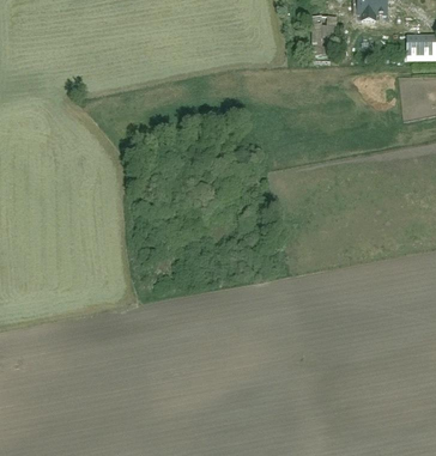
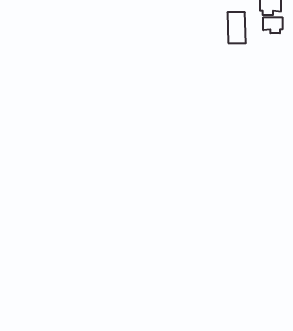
building: none -> [263,17,282,33]

